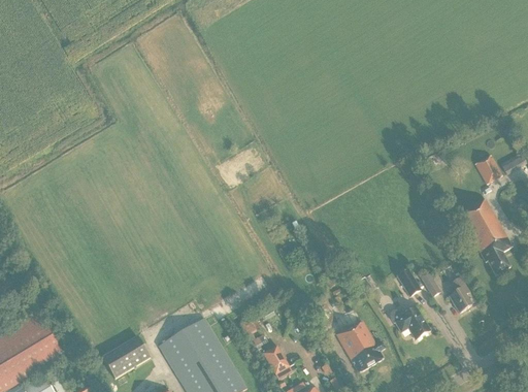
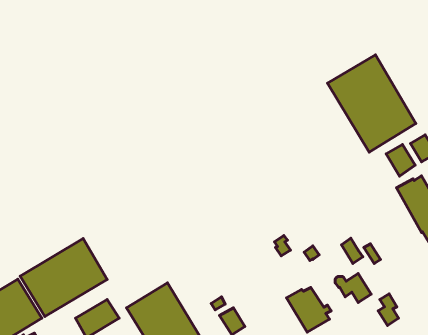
building: none -> [328,55,416,152]
building: none -> [386,145,415,176]
building: none -> [20,238,107,316]
building: [449,277,471,313] -> [378,294,399,326]

